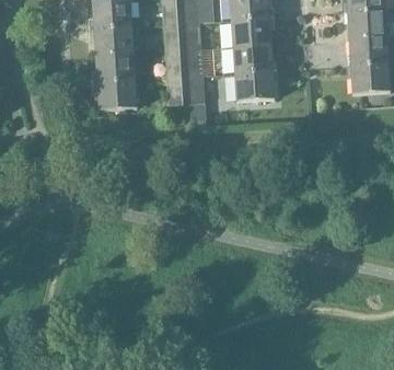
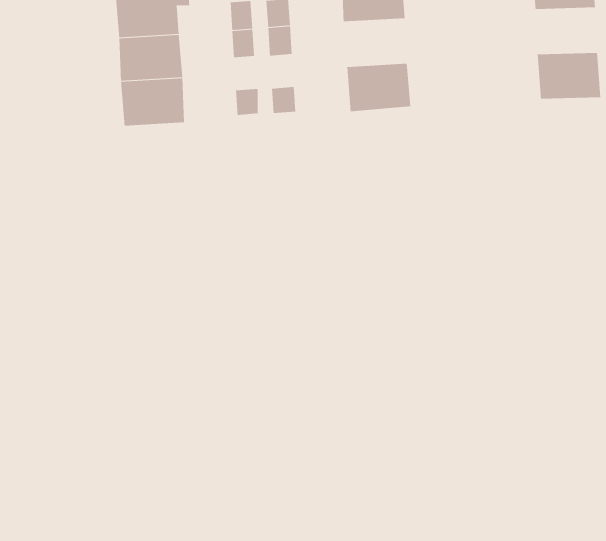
building: [350,37,389,66] -> none
building: [233,44,273,73] -> none

